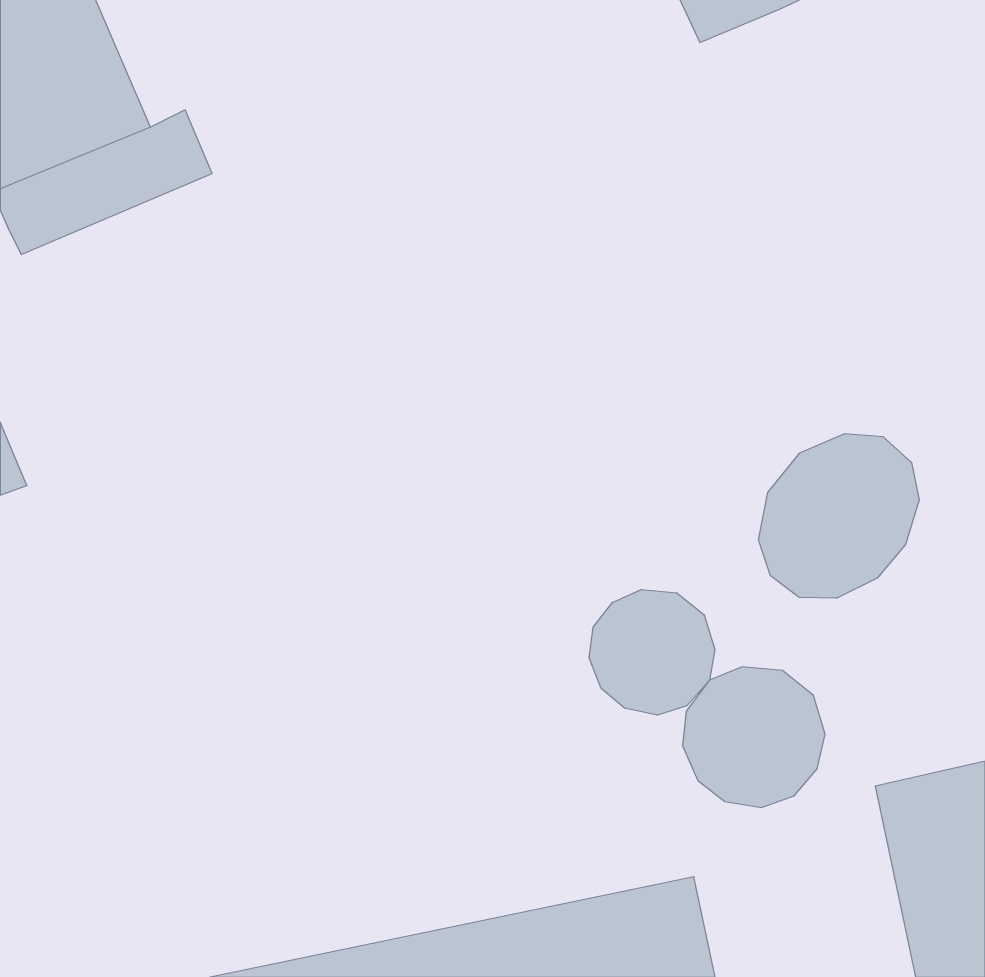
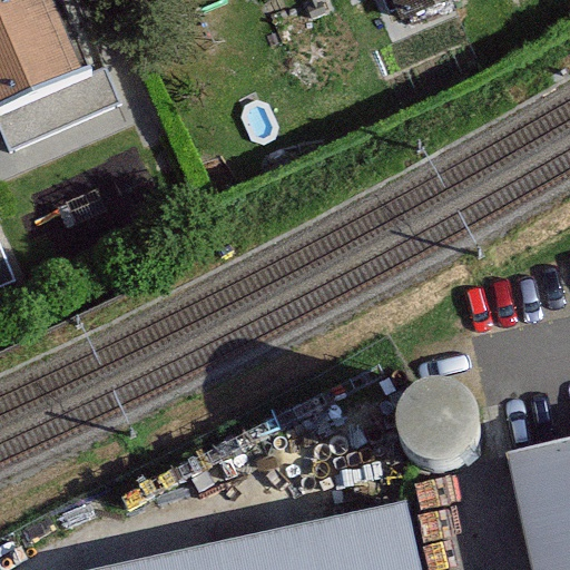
building: [759,434,919,598] -> none
building: [589,589,715,715] -> none

